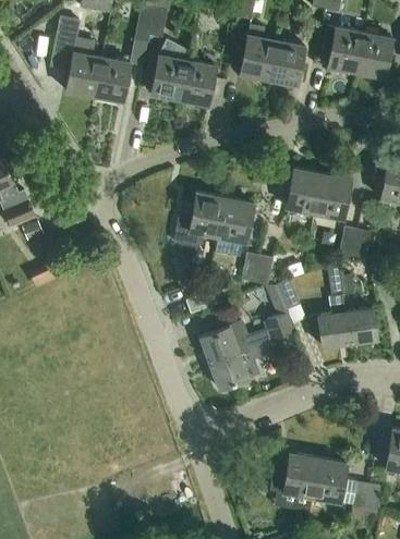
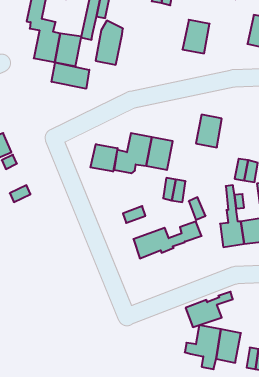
building: [240,23,276,79] -> none
building: [322,26,364,72] -> none
building: [177,59,215,106] -> none
building: none -> [52,62,89,89]
building: [314,173,349,219] -> none
building: none -> [90,144,118,172]
building: [209,341,274,389] -> [186,292,233,327]

